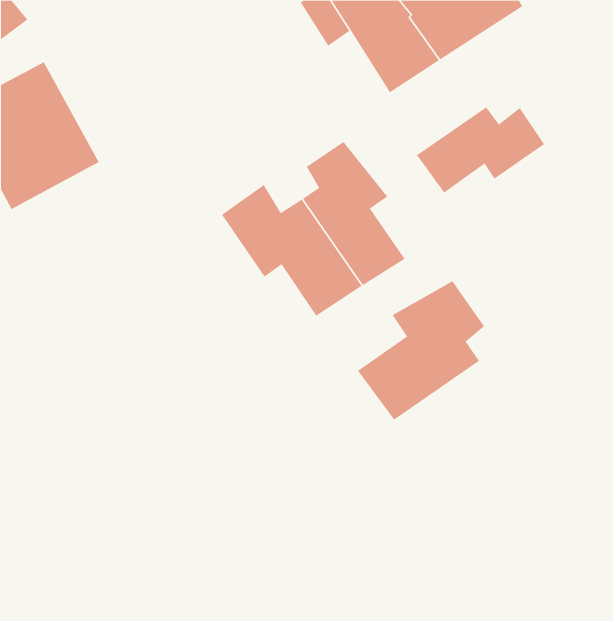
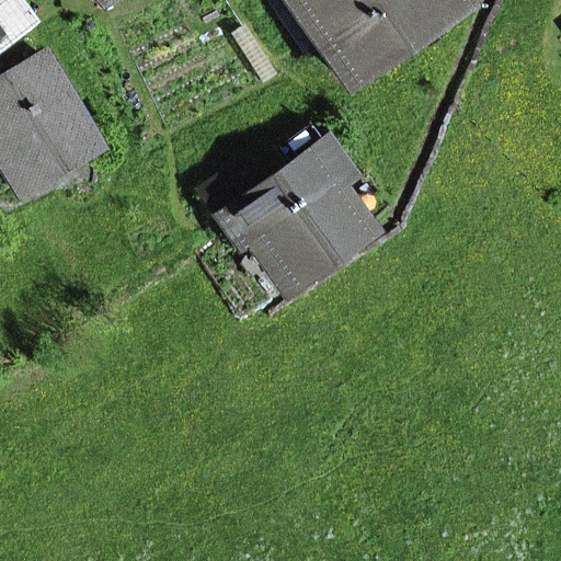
building: [416,107,545,193] -> none
building: [357,281,485,420] -> none

